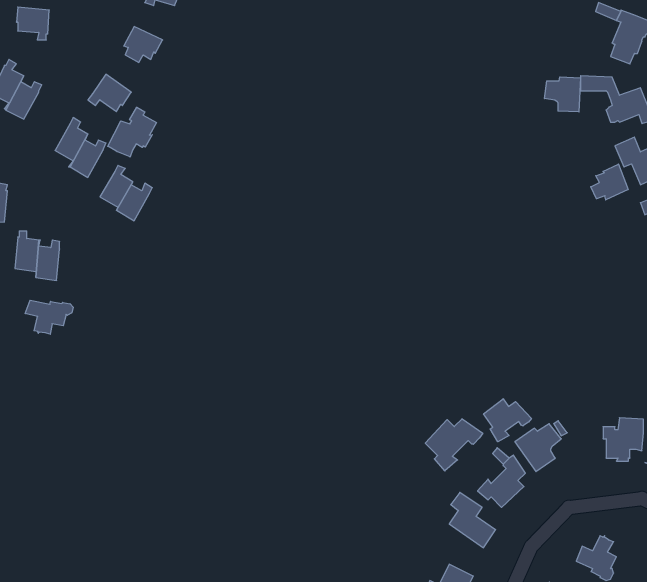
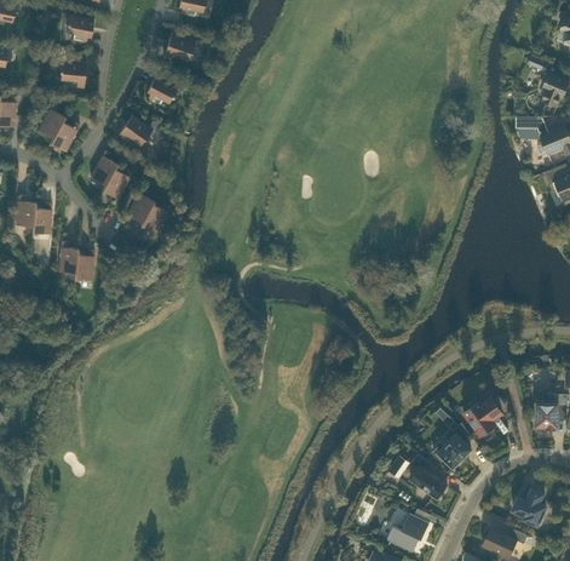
building: [545,77,581,112] -> none
building: [108,107,156,157] -> none
building: [591,164,628,200] -> none
building: [25,300,73,334] -> none
building: [484,399,531,442] -> none
building: [425,419,483,471] -> none

